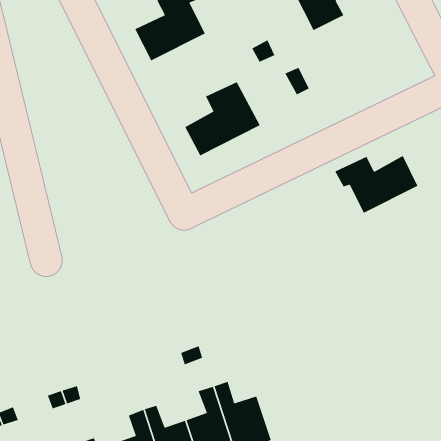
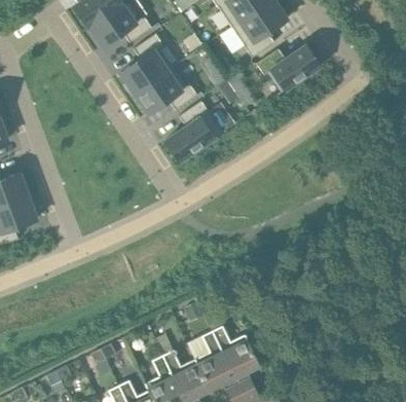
building: none -> [136,71,197,115]
building: [334,155,418,214] -> [256,46,320,94]

